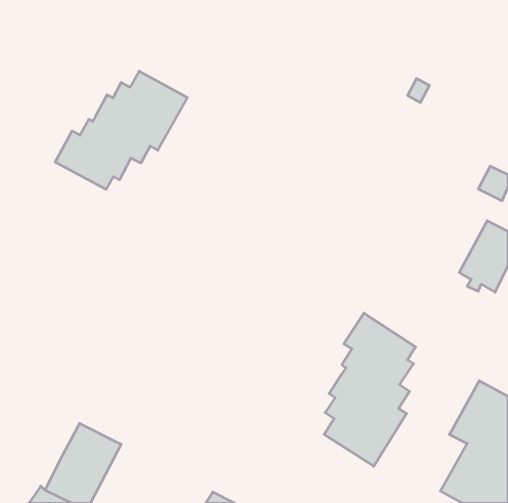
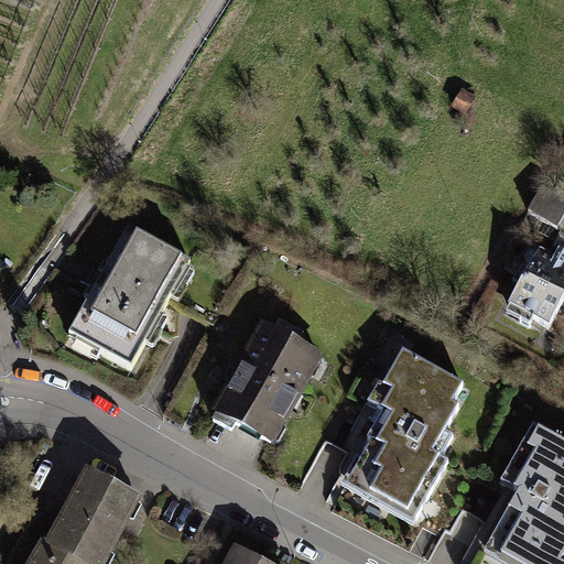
building: [55,71,187,189] -> none
building: none -> [68,226,188,366]
building: none -> [212,322,319,440]

